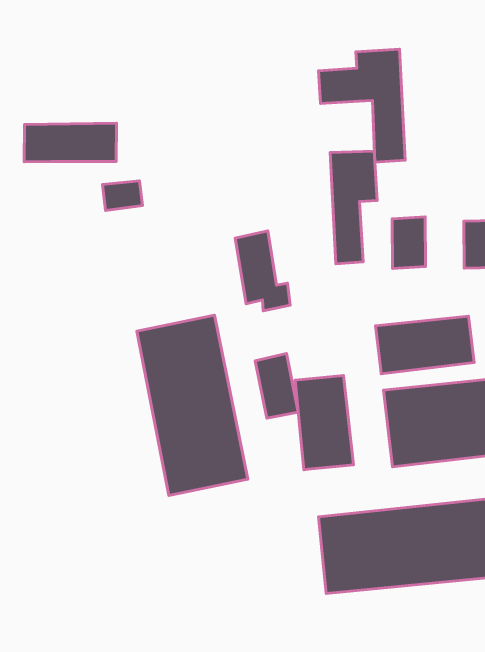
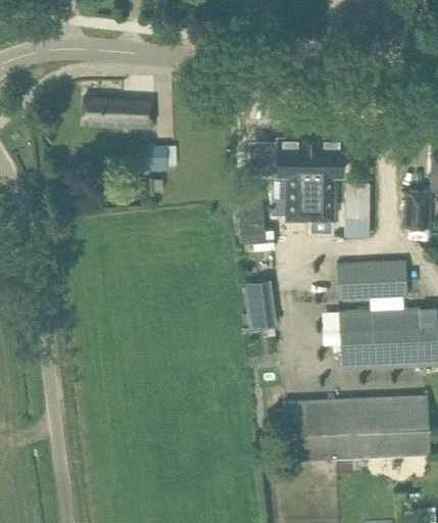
building: [318,49,405,162] -> [248,134,309,217]
building: [137,315,248,495] -> none
building: [295,376,354,470] -> none

